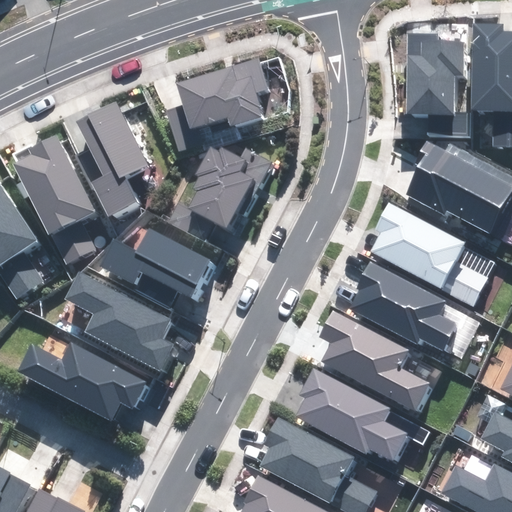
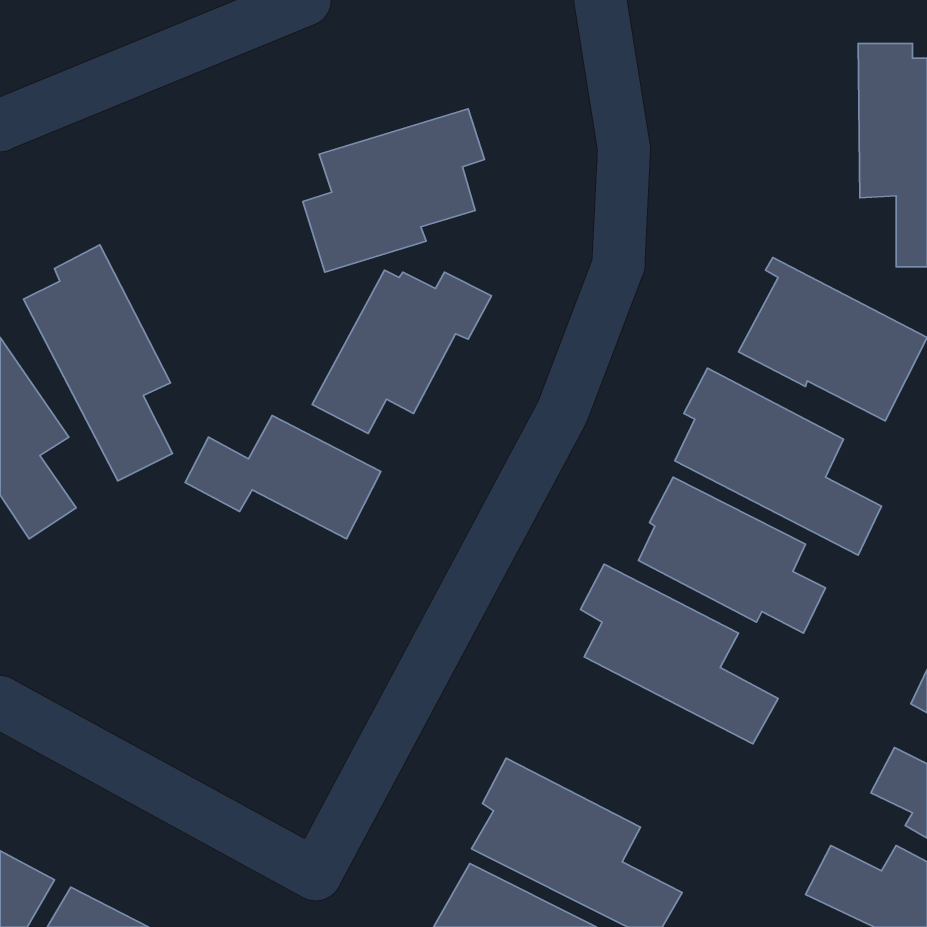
building: [407,35,466,133] -> none
building: [77,103,146,214] -> none
building: [66,271,173,370] -> none
building: [18,345,146,420] -> none
building: [296,369,414,463] -> none

